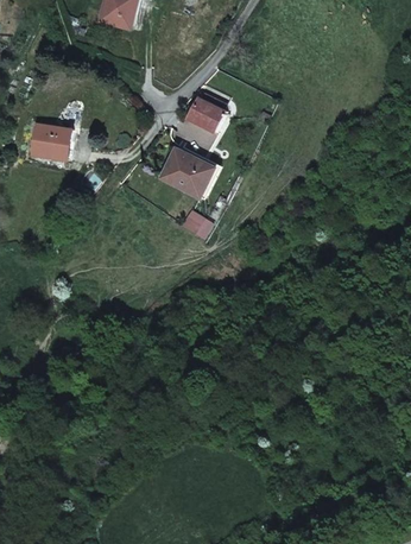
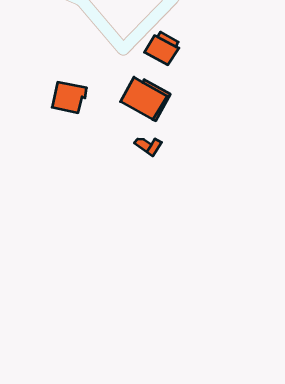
building: [31,124,70,158] -> [52,82,87,113]

